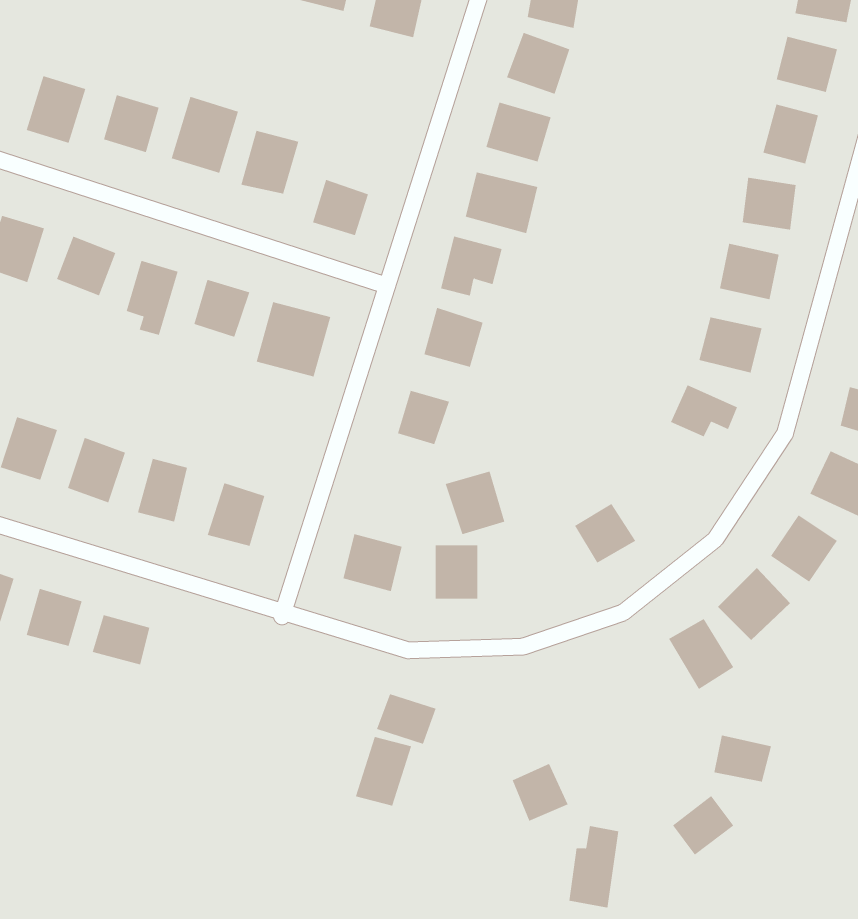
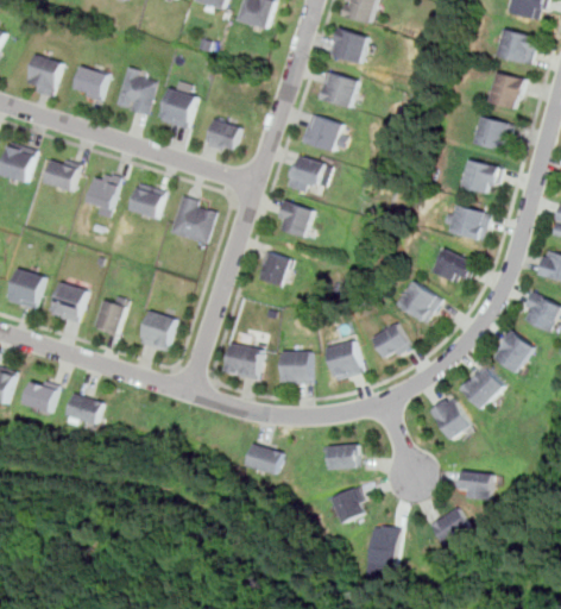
building: none -> [396,281,440,324]
building: [445,471,505,535] -> [323,340,361,381]
building: none -> [327,446,358,469]
building: [355,736,412,806] -> none

